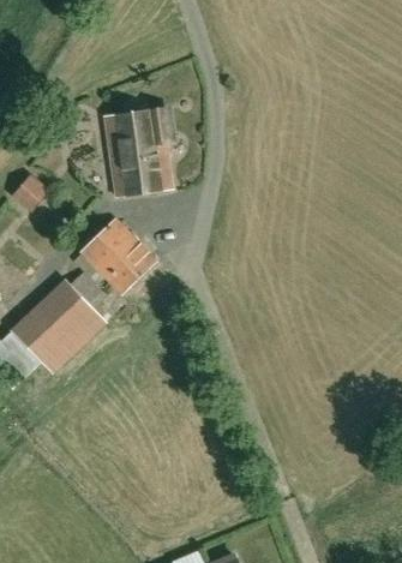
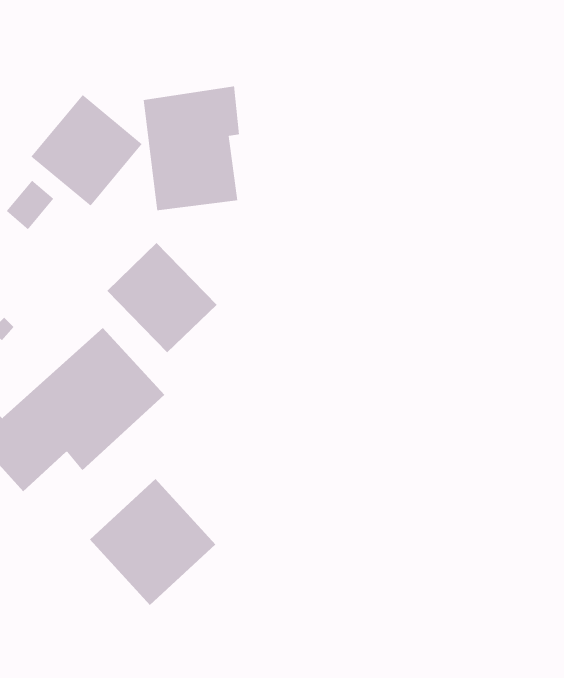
building: none -> [31,94,143,207]
building: none -> [89,478,216,606]

